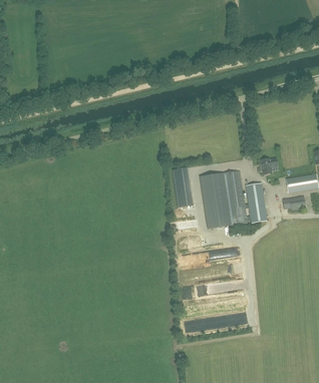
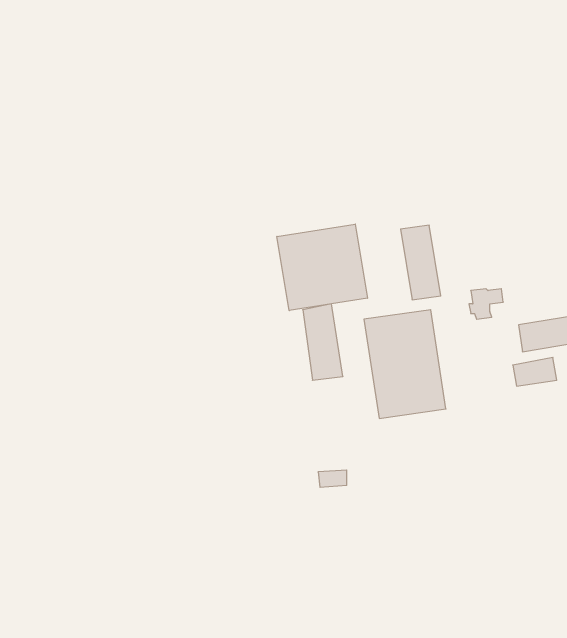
building: none -> [277,224,367,311]
building: [245,183,266,223] -> [401,225,441,300]

